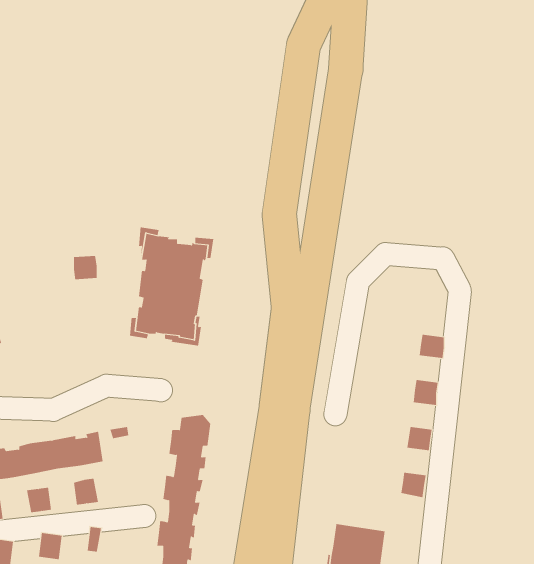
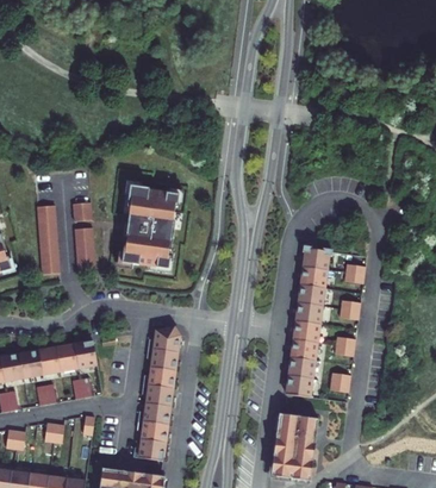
building: none -> [37,205,60,274]
building: none -> [75,227,95,271]
building: none -> [287,249,329,398]

